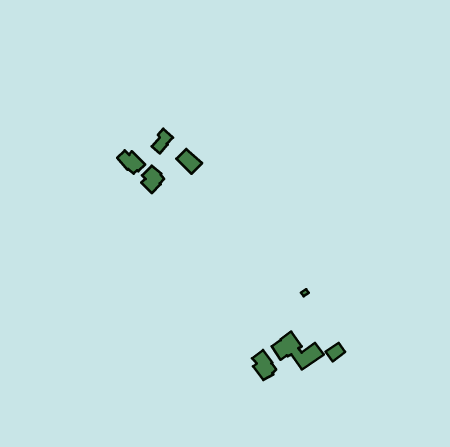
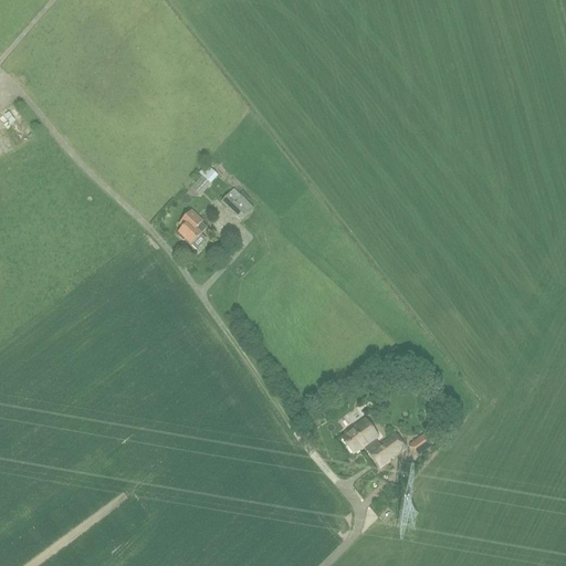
building: [117,150,145,174] -> none
building: [252,350,276,380] -> none

